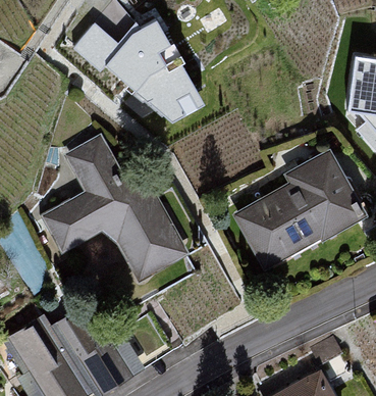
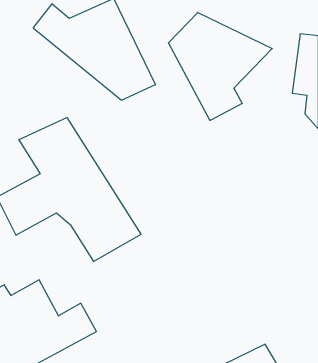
building: none -> [168,12,272,120]
building: [228,152,357,276] -> none

